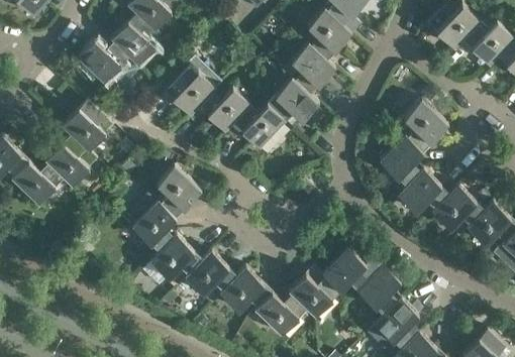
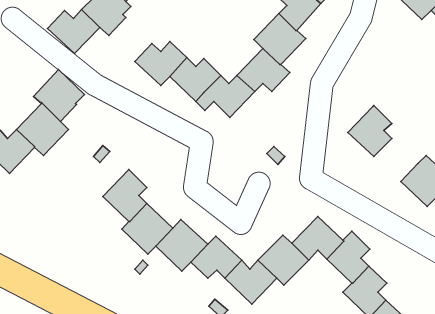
building: [395,101,448,154] -> none
building: [157,166,201,219] -> none
building: [397,169,449,214] -> none

